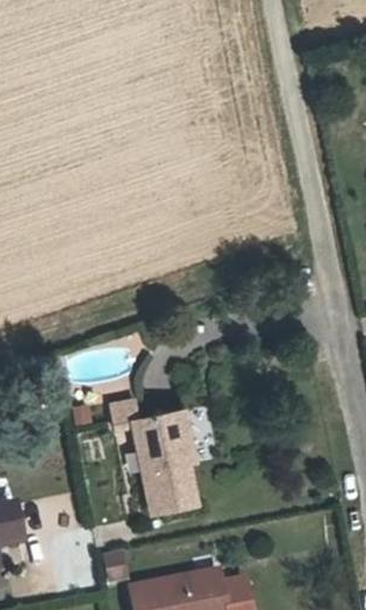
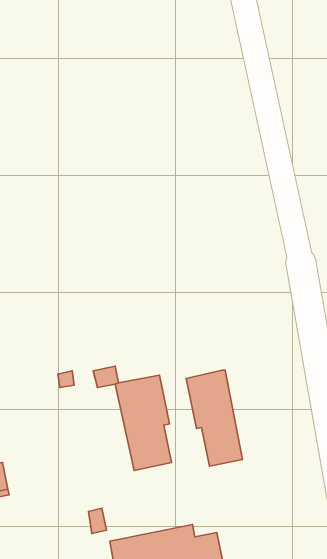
building: none -> [186,370,243,466]

